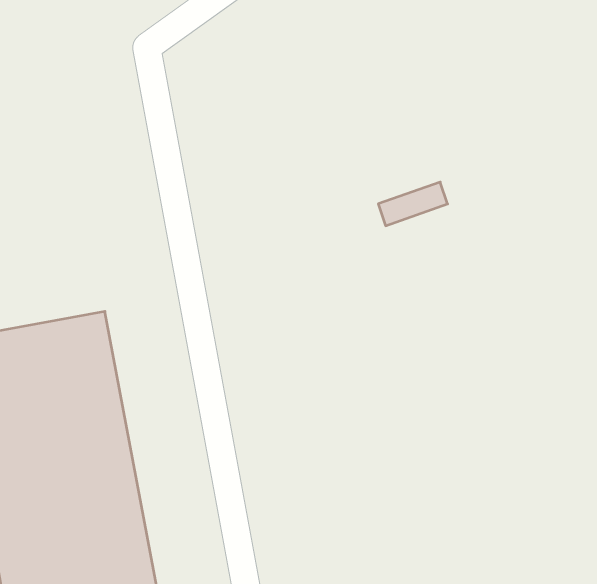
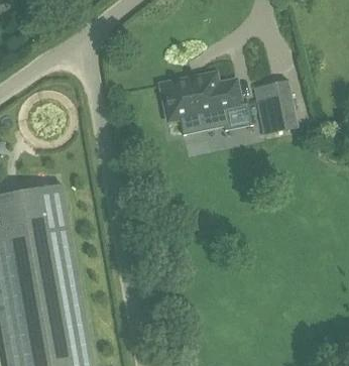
building: none -> [158,76,240,131]
building: none -> [251,79,296,134]

